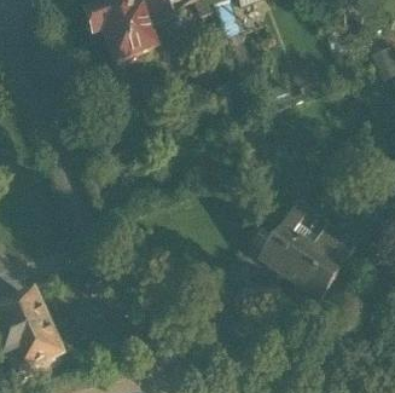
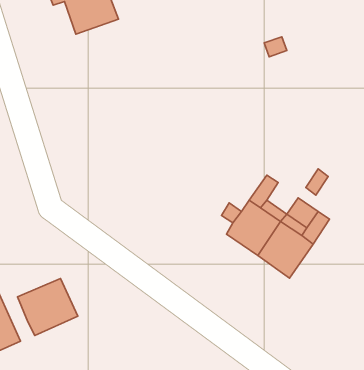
building: none -> [17,278,78,336]

